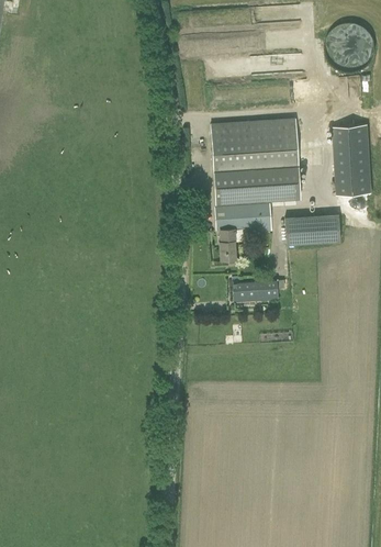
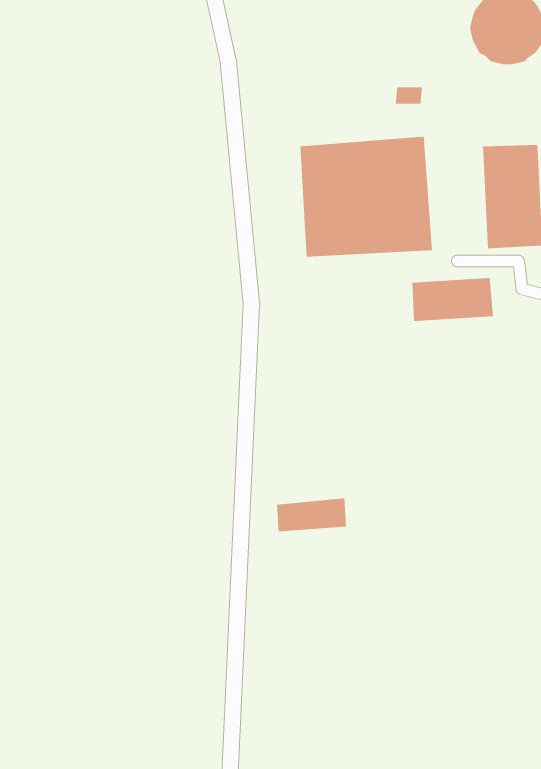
building: [215,203,270,259] -> none
building: [232,279,279,302] -> [276,498,347,532]

